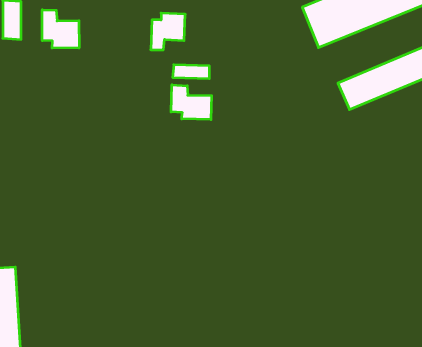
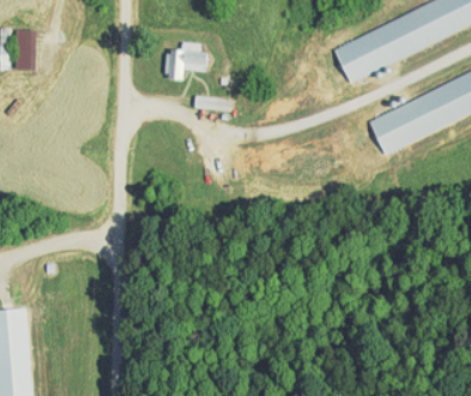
building: [42,10,79,48] -> none
building: [171,85,212,120] -> none

